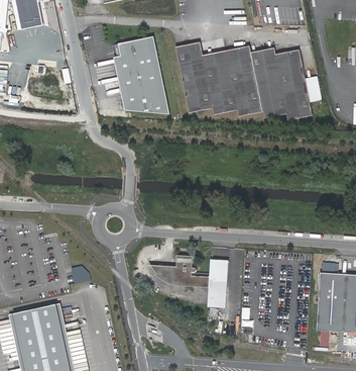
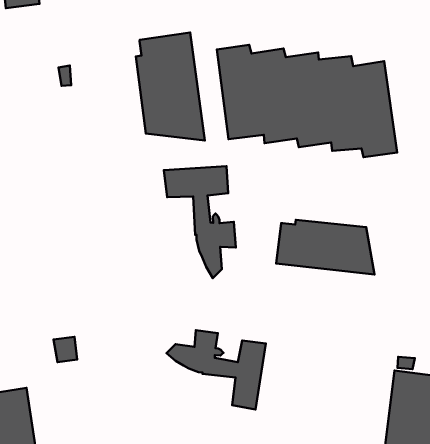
building: none -> [164,166,236,278]
building: none -> [276,220,374,274]

